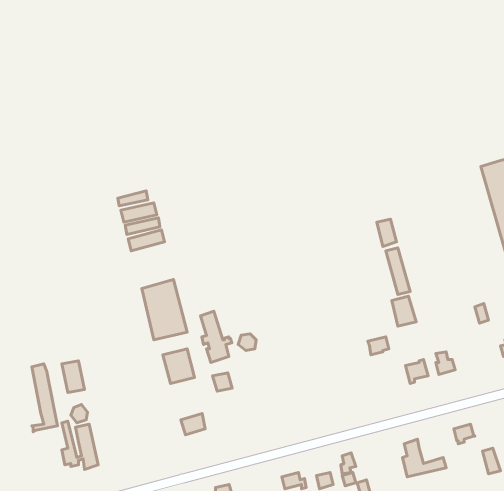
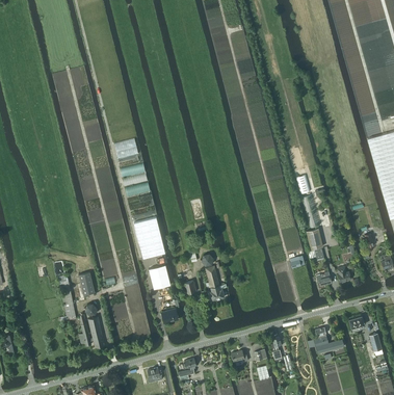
building: [200,311,232,362] -> [205,265,227,300]

